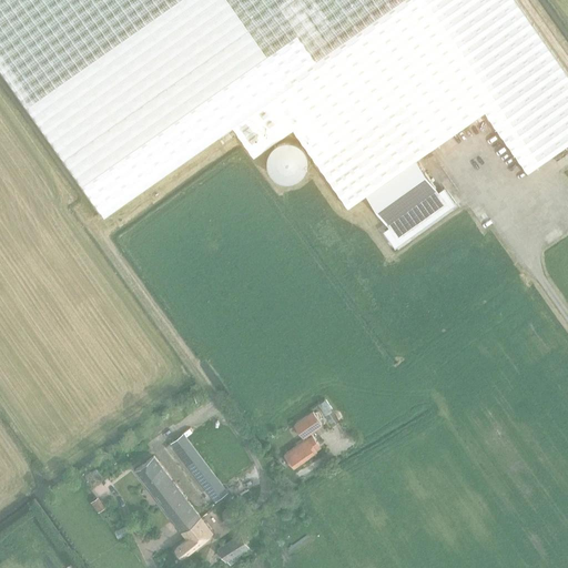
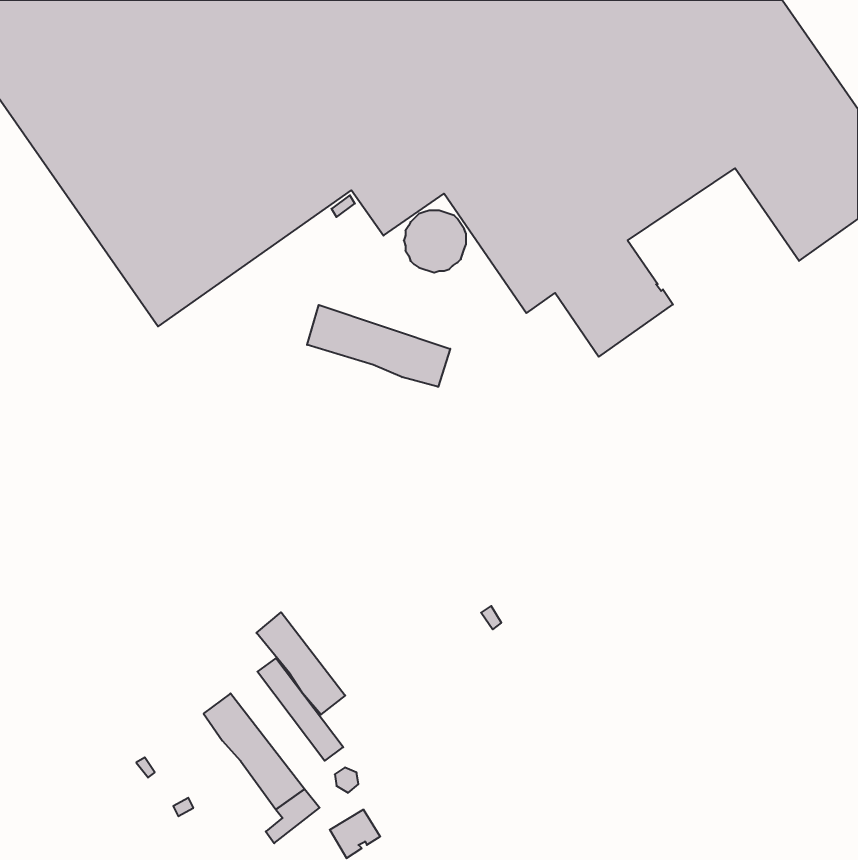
building: none -> [307,305,450,387]
building: none -> [256,612,345,715]
building: [284,410,322,467] -> none

